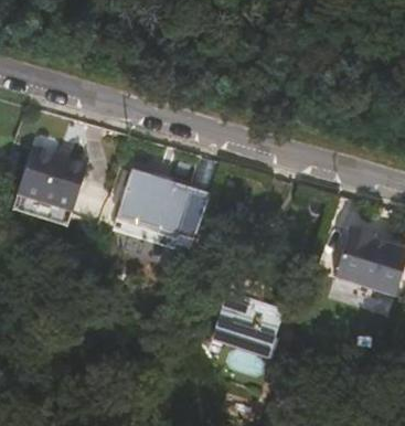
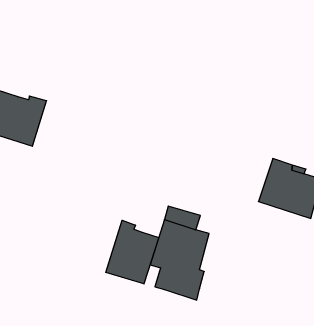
building: [116,164,212,239] -> none
building: none -> [106,220,159,284]

